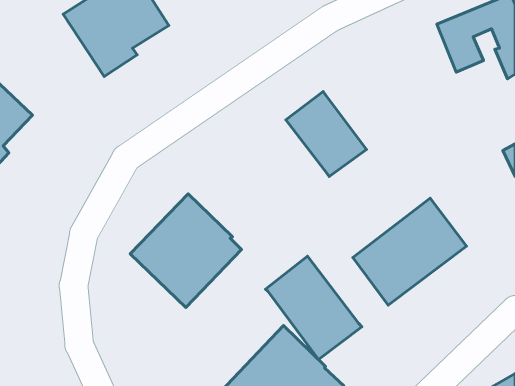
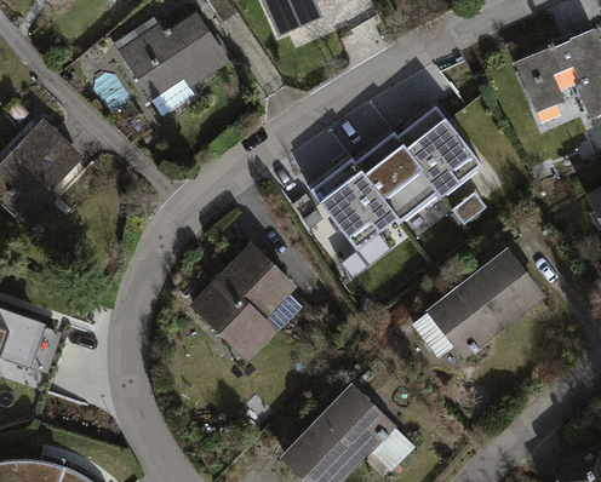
building: none -> [396,107,482,200]
building: none -> [310,160,399,253]
building: [266,256,362,360] -> none

